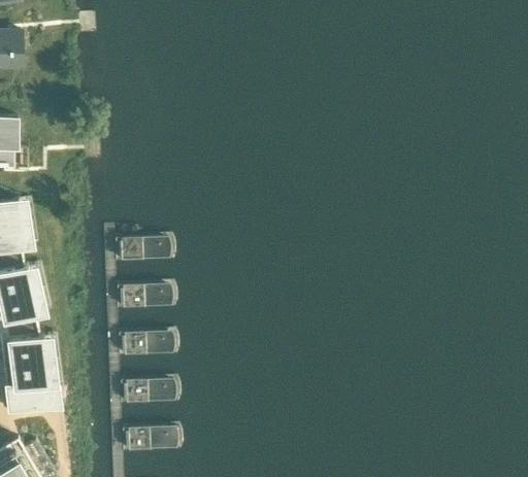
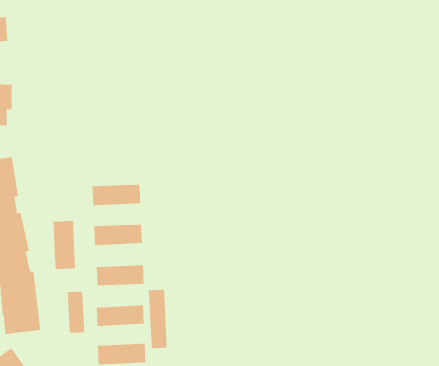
building: none -> [53,220,76,270]
building: none -> [148,289,167,349]
building: none -> [67,291,85,333]

